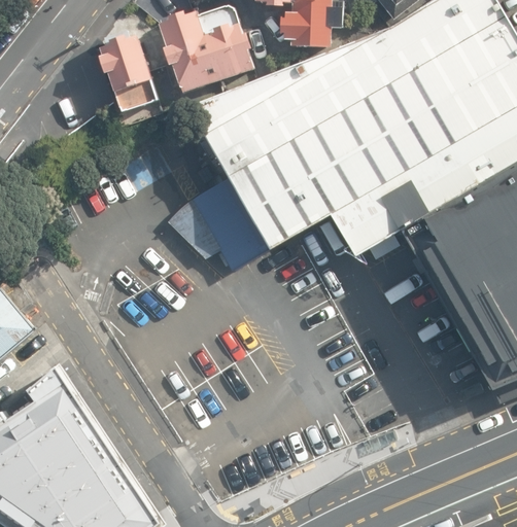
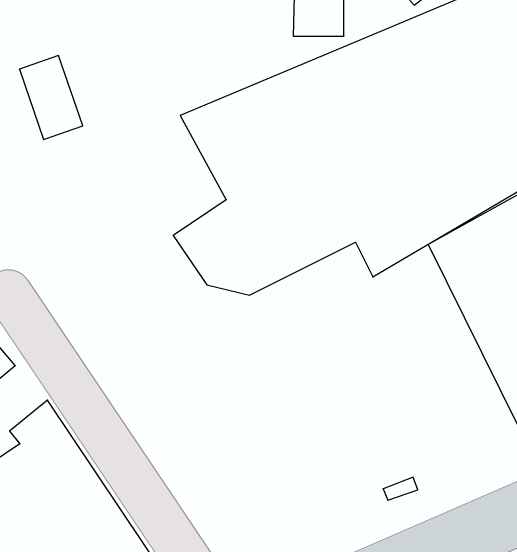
building: [163,10,253,94] -> none
building: [101,42,158,117] -> [19,56,83,140]

